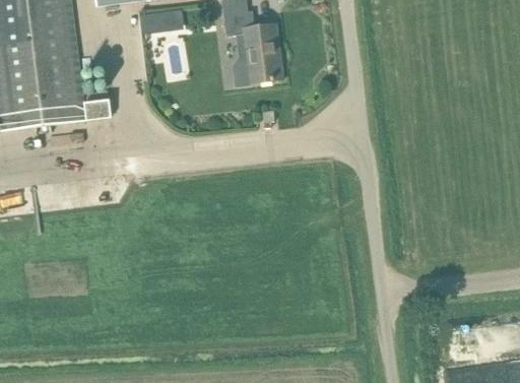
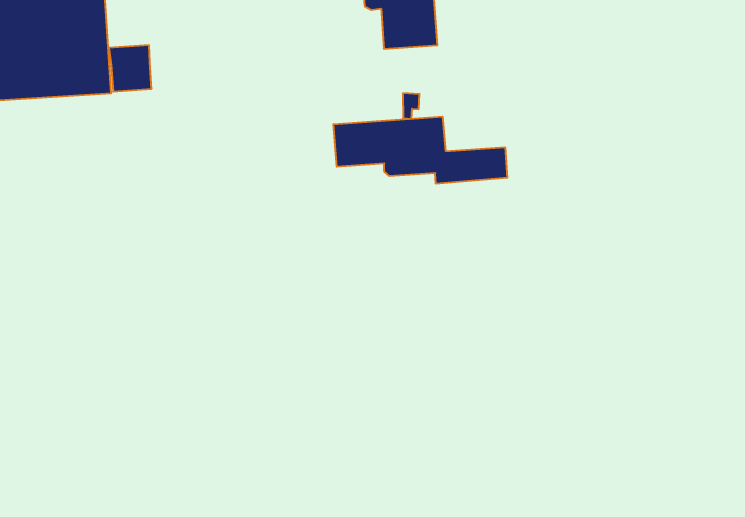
building: none -> [334,117,507,184]

